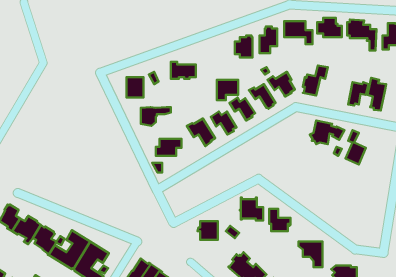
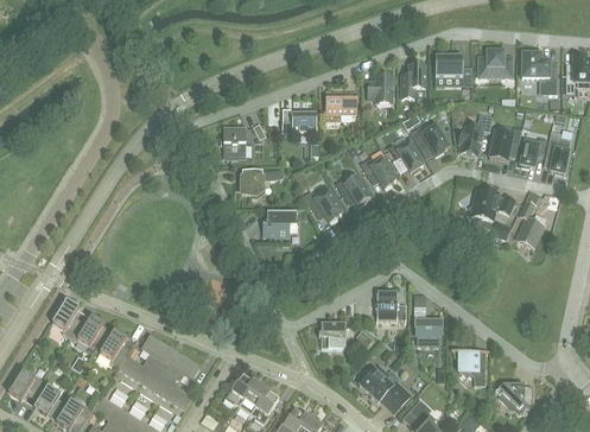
building: none -> [488,127,521,161]
building: [217,80,238,100] -> [326,93,355,120]

